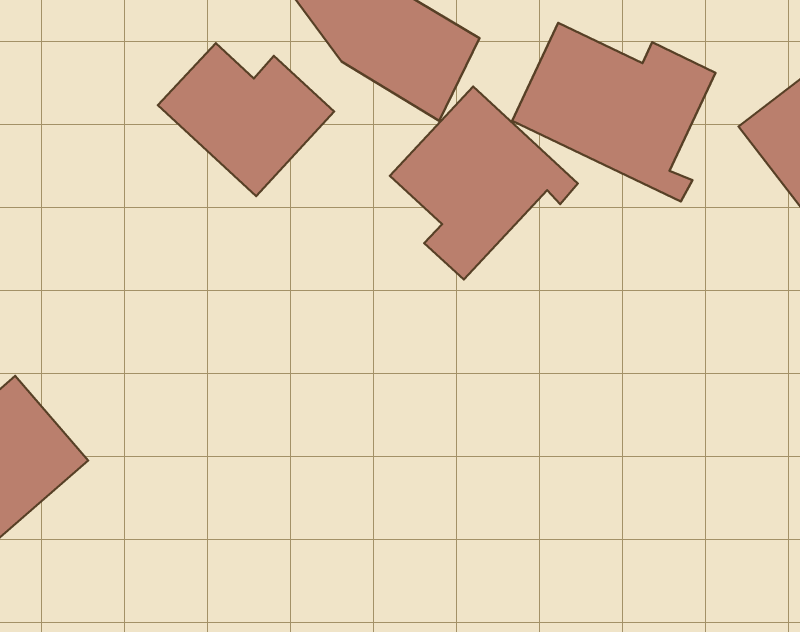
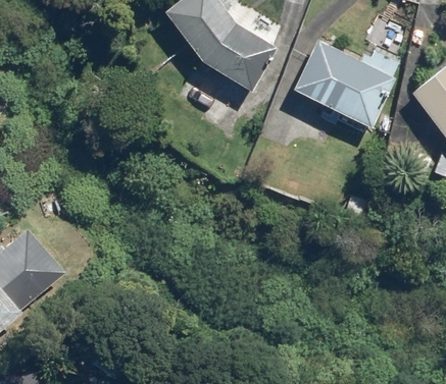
building: [158,43,334,196] -> none
building: [390,87,578,279] -> none

